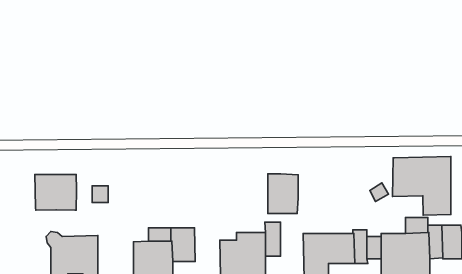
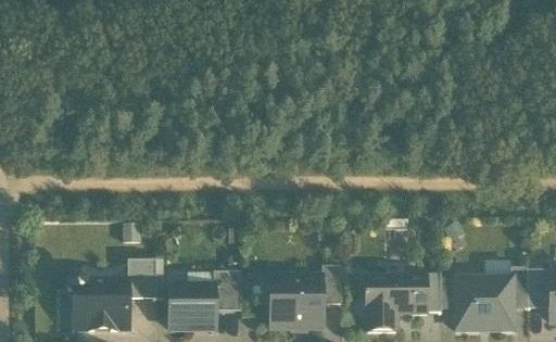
building: [393,156,451,215] -> none
building: [268,174,298,213] -> none
building: [35,175,76,210] -> none
building: none -> [127,261,155,300]

